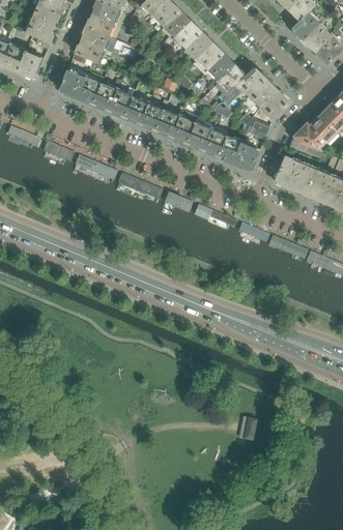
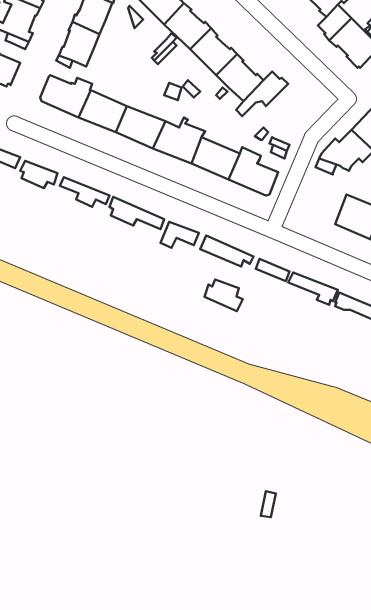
building: [248,78,289,119] -> none
building: [275,157,315,195] -> none
building: none -> [204,279,243,311]

